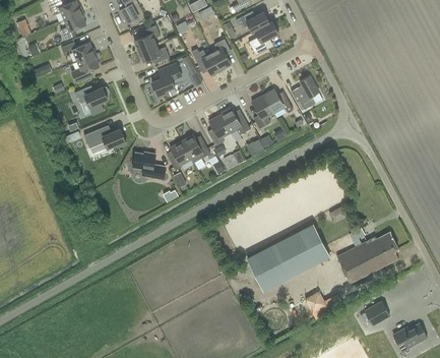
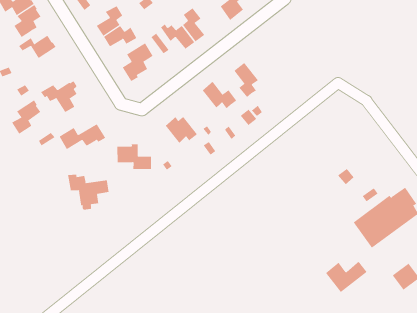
building: [70,54,99,83] -> [11,99,41,135]
building: [291,76,318,111] -> none
building: [262,88,293,114] -> none
building: [206,115,230,145] -> none
building: [166,141,191,171] -> none
building: none -> [68,174,109,211]
building: [245,223,329,291] -> none

